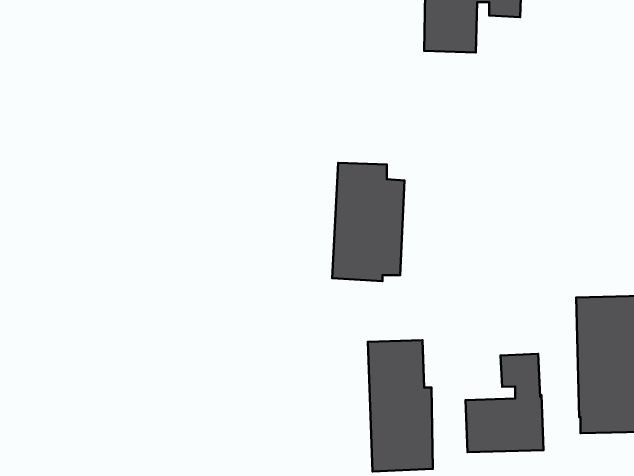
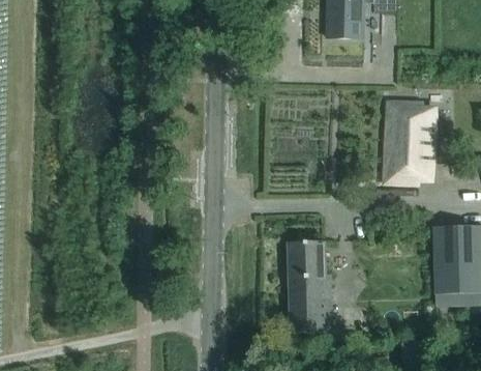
building: [332,163,404,281] -> [384,102,434,184]
building: [466,354,543,452] -> none

